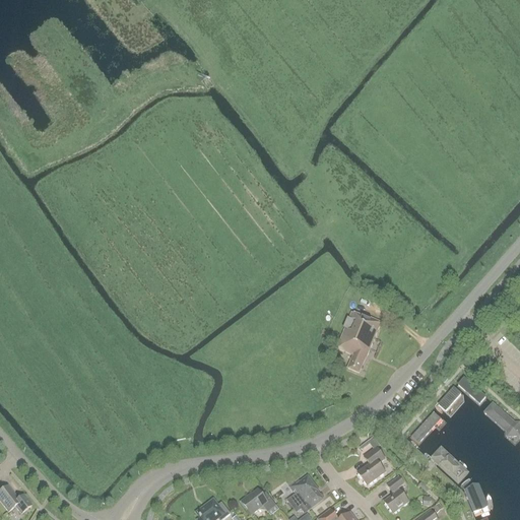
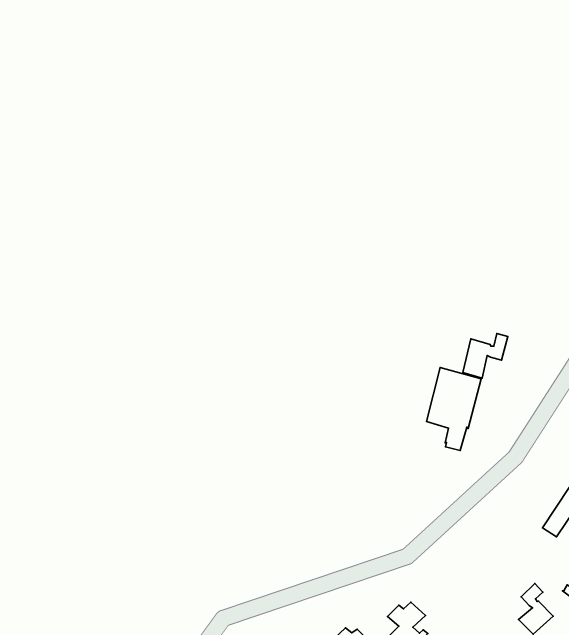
building: none -> [463,334,508,378]
building: [358,446,385,484] -> none

